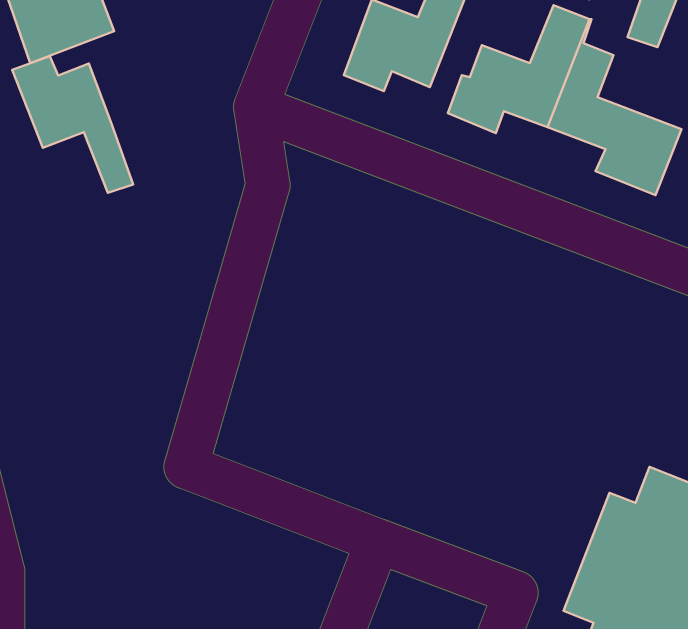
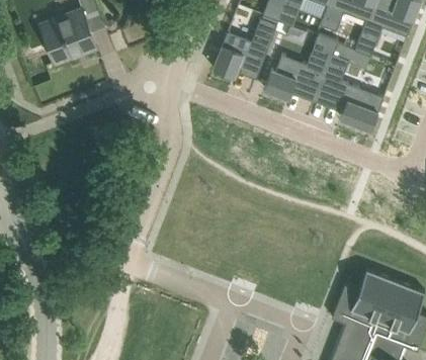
building: [12,56,133,193] -> none

